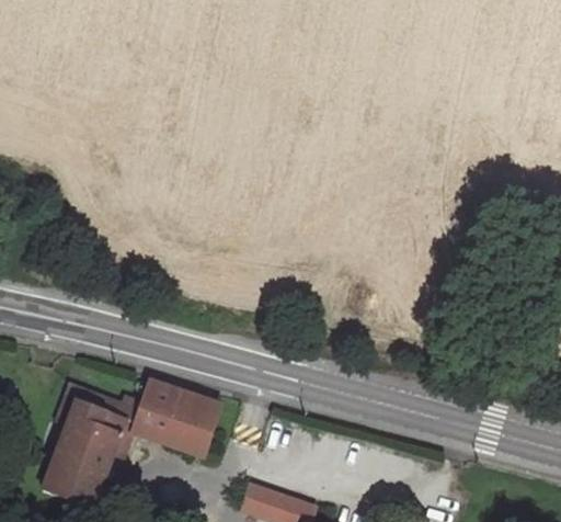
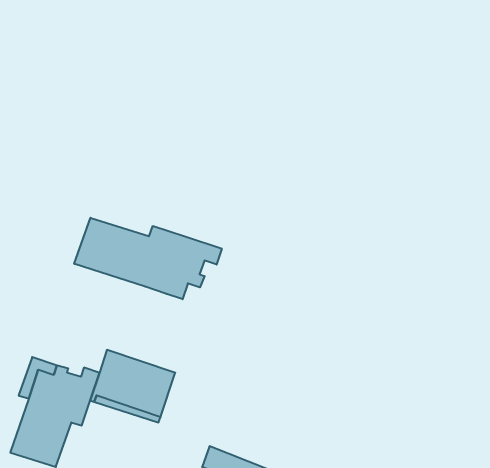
building: none -> [74,218,222,299]

